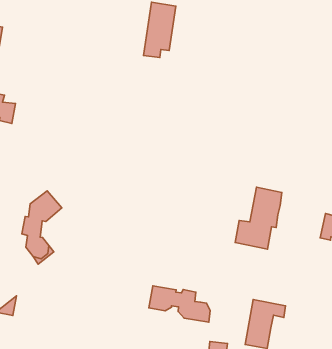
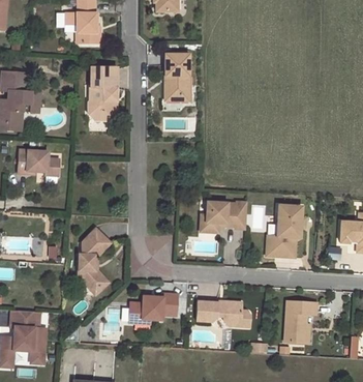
building: none -> [87,66,117,120]
building: none -> [205,200,247,232]
building: none -> [129,294,176,324]

